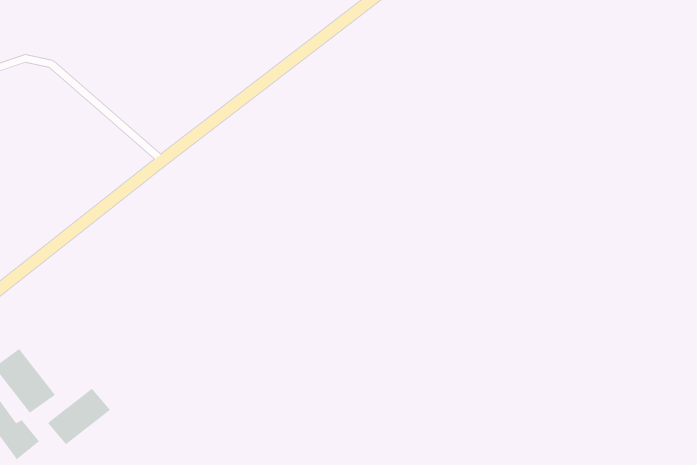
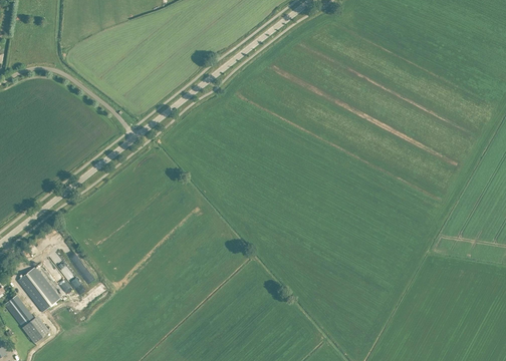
building: [47,388,111,445] -> none

